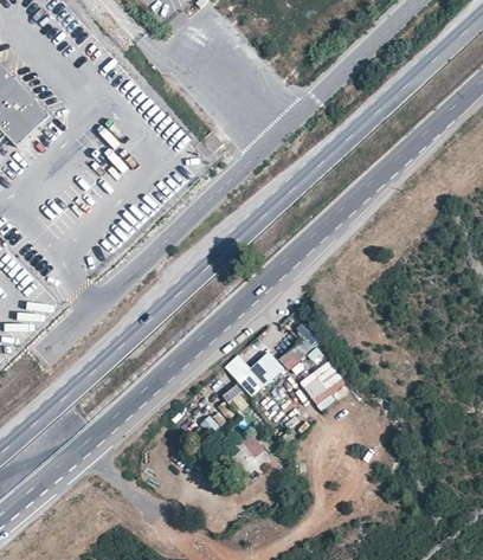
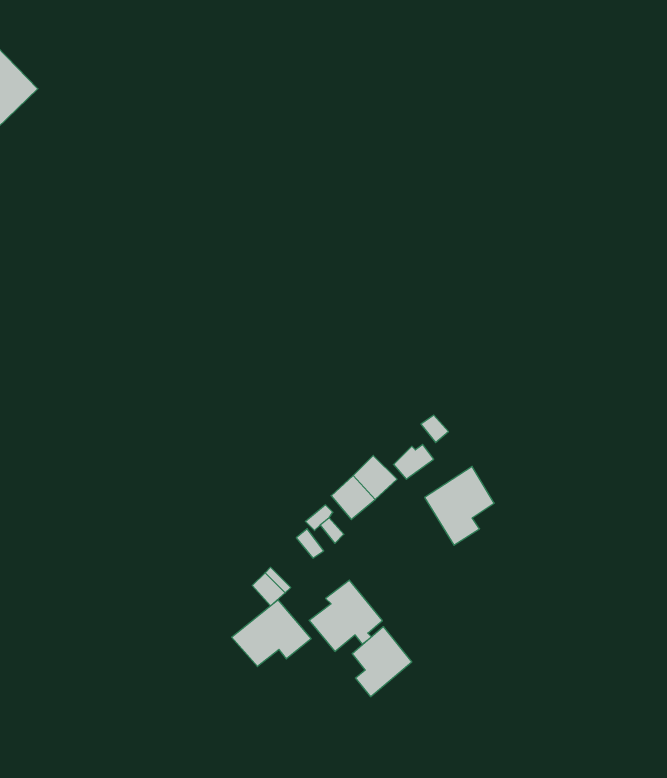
building: none -> [232,600,311,667]
building: none -> [352,627,412,697]

